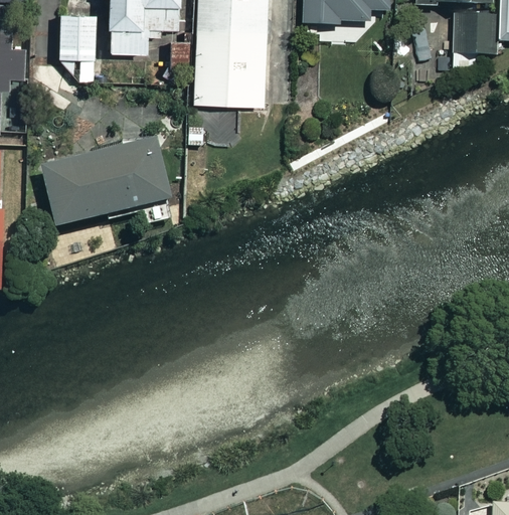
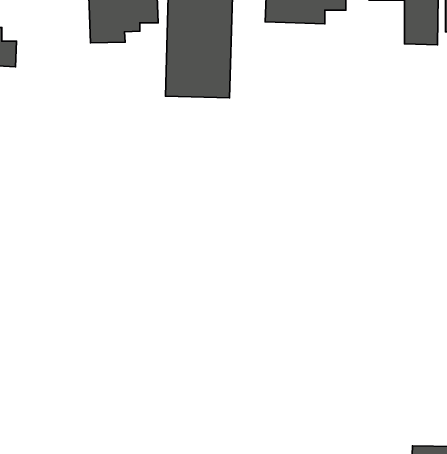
building: [61,12,99,83] -> none
building: [40,136,168,220] -> none

